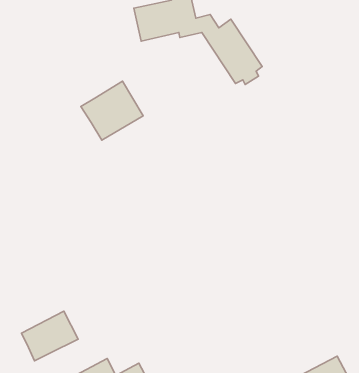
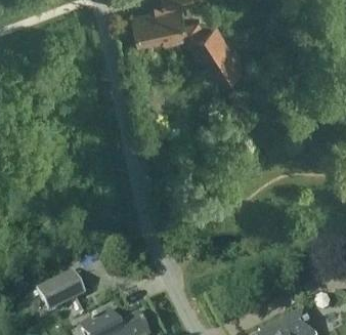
building: [81,81,143,140] -> none

